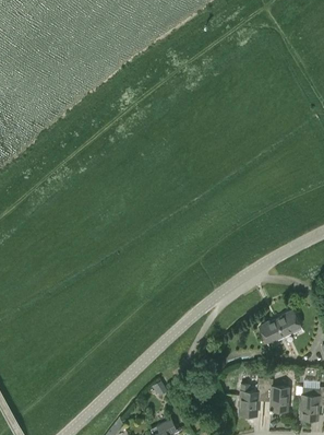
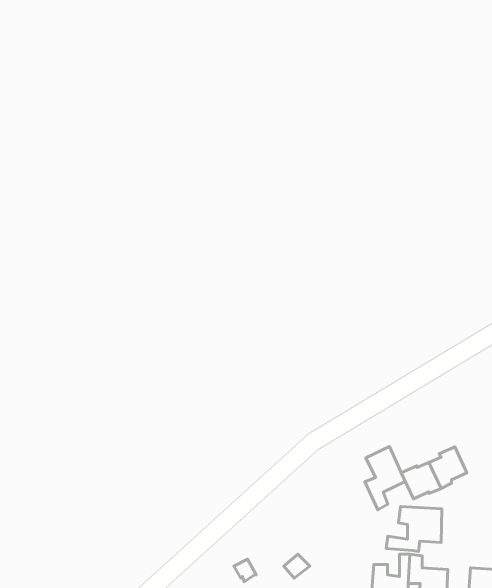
building: none -> [365,447,405,510]
building: none -> [386,506,442,552]

